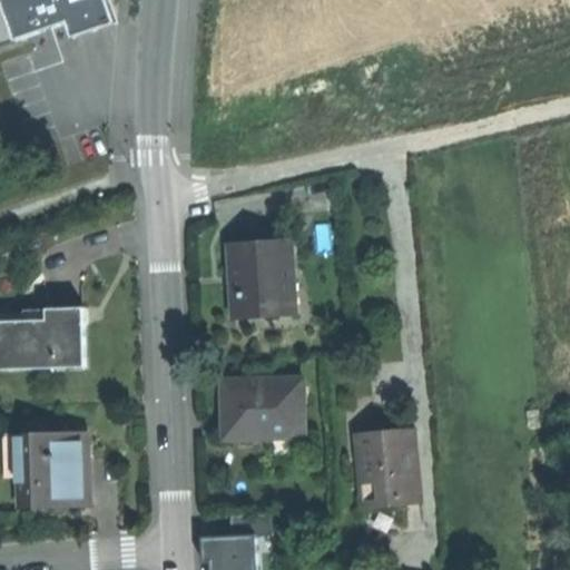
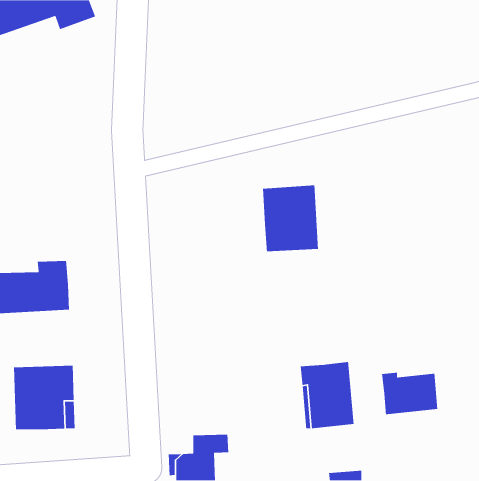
building: [226,237,293,317] -> [262,184,319,252]
building: [219,377,304,442] -> none
building: none -> [381,372,438,415]

